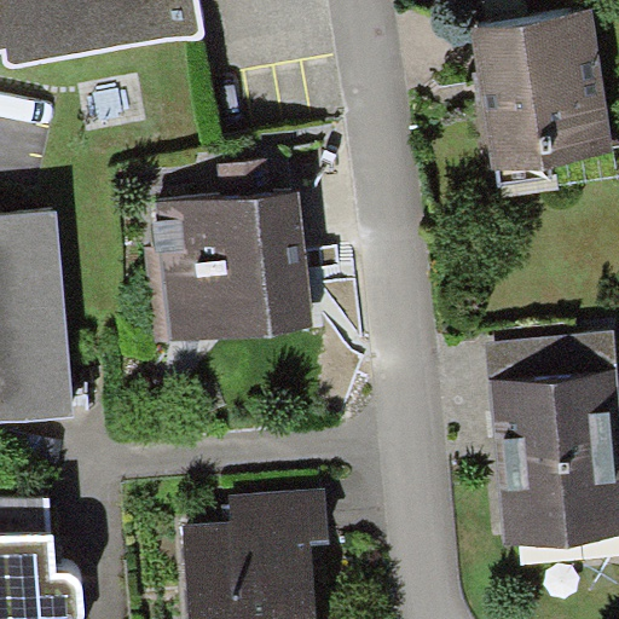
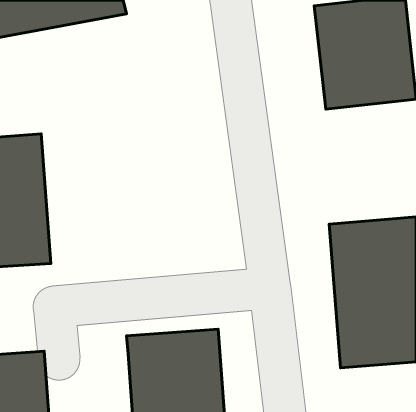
building: [146,184,320,347] -> none

